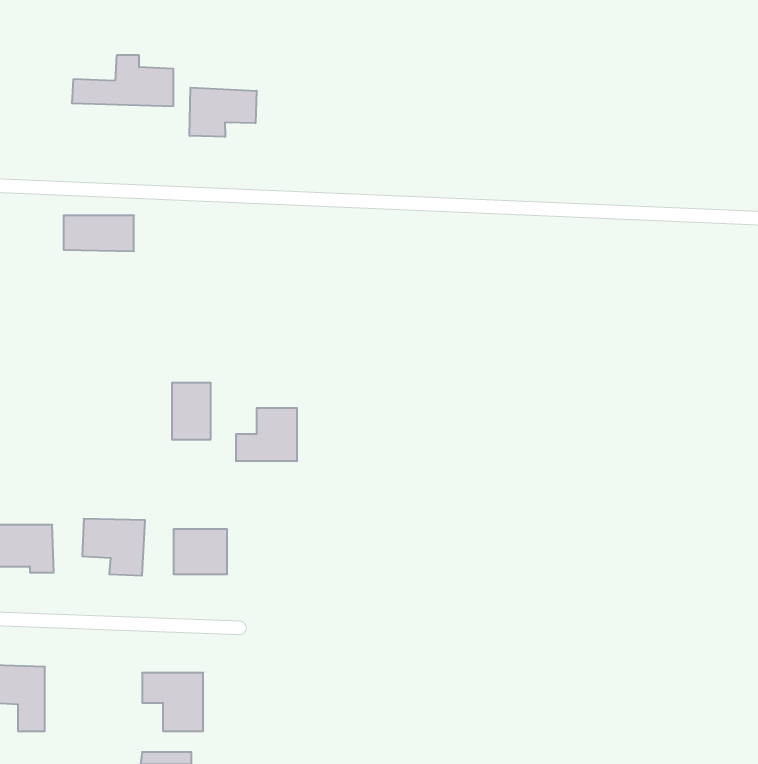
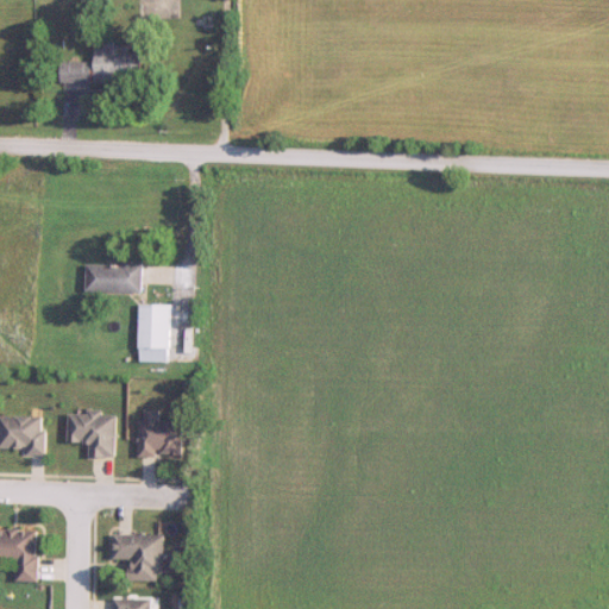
building: [190,88,257,137] -> none
building: [64,215,134,251] -> [83,264,139,293]
building: [236,408,297,461] -> none

